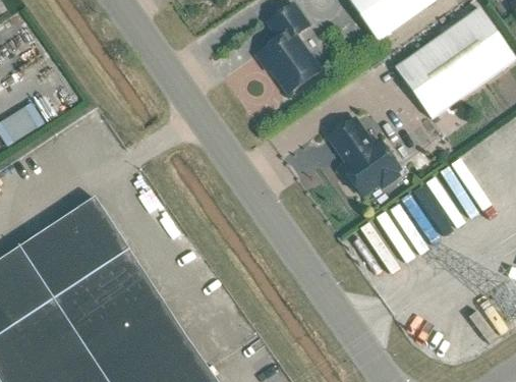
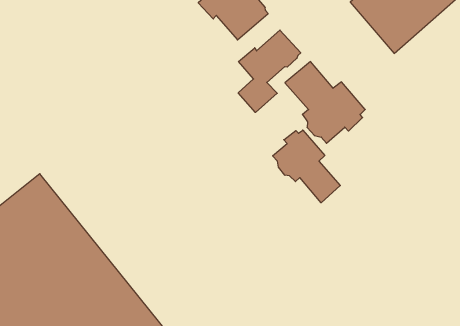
building: none -> [238,30,301,112]
building: none -> [273,130,340,203]

